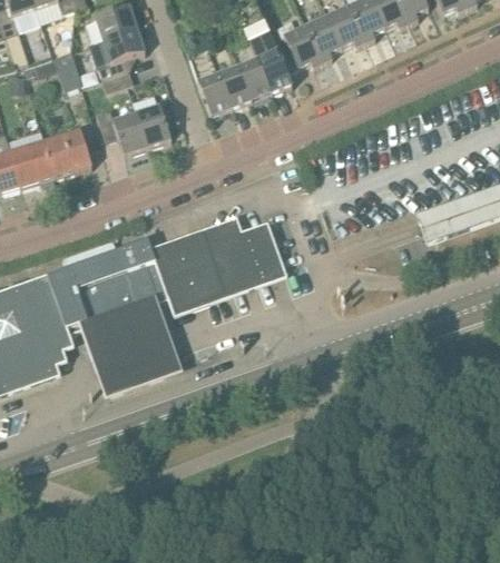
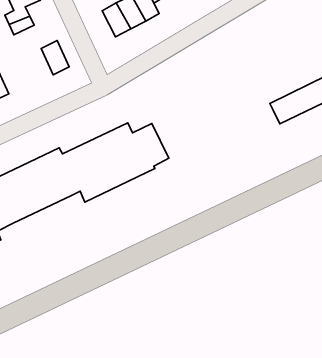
building: [197,73,234,118] -> none
building: [97,107,150,155] -> none
building: [80,300,184,399] -> none

